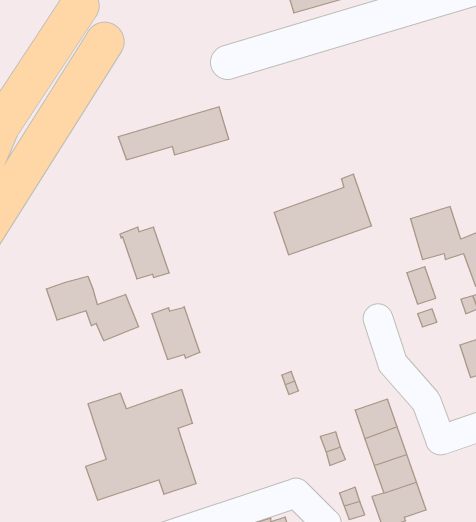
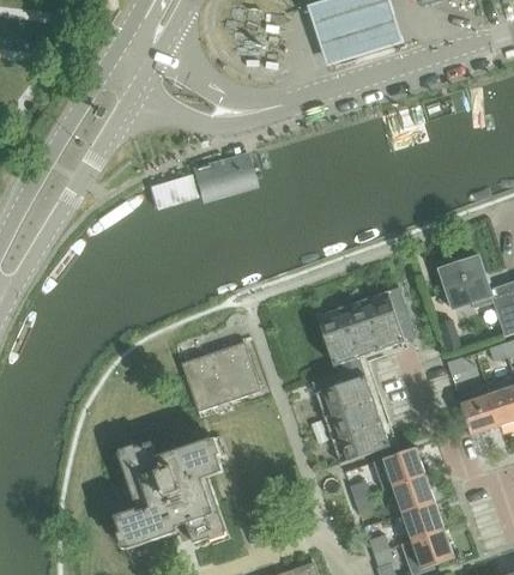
building: [274,174,372,255] -> [318,286,415,367]
building: [120,227,169,279] -> [211,346,260,398]
building: [46,276,138,341] -> none
building: none -> [310,363,389,460]
building: none -> [460,394,498,436]

